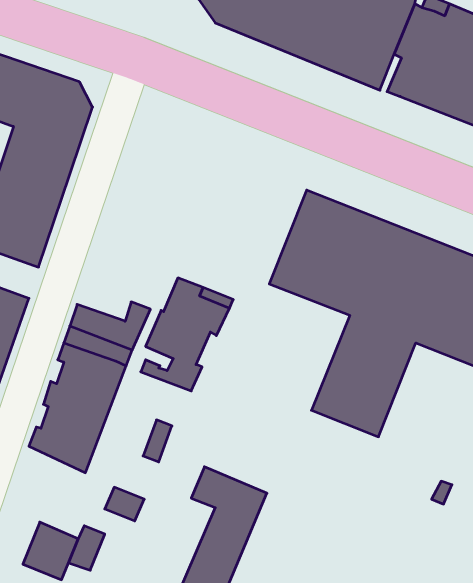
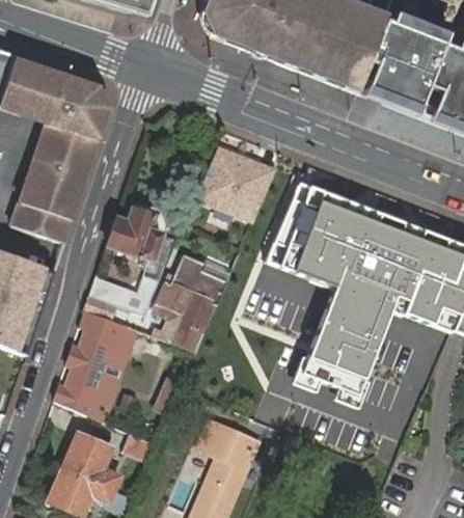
building: none -> [194,143,276,224]
building: none -> [108,209,162,266]
building: none -> [65,434,111,479]

